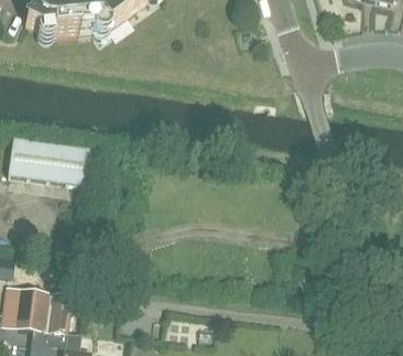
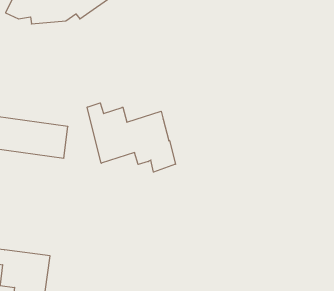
building: none -> [87,103,176,172]

